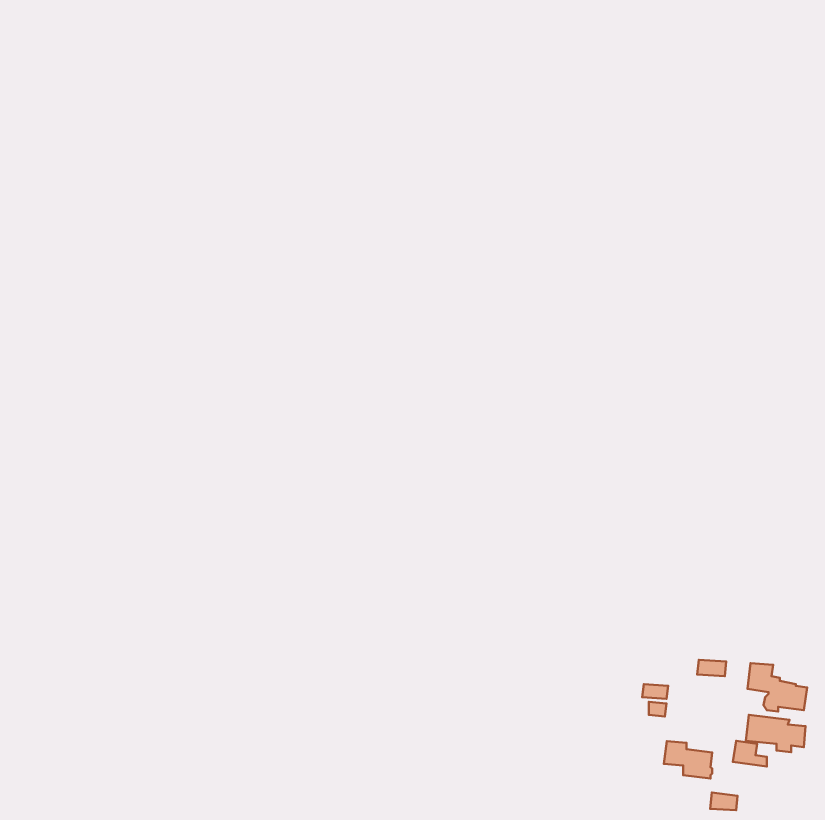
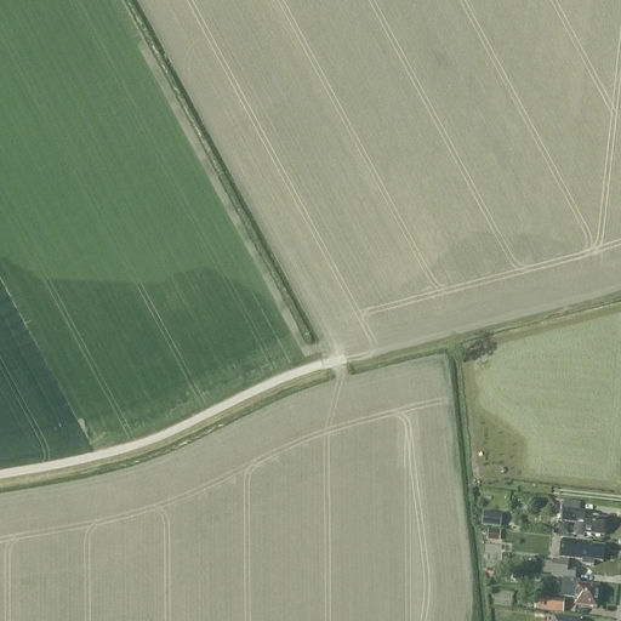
building: [664,741,712,778] -> [560,576,597,604]

